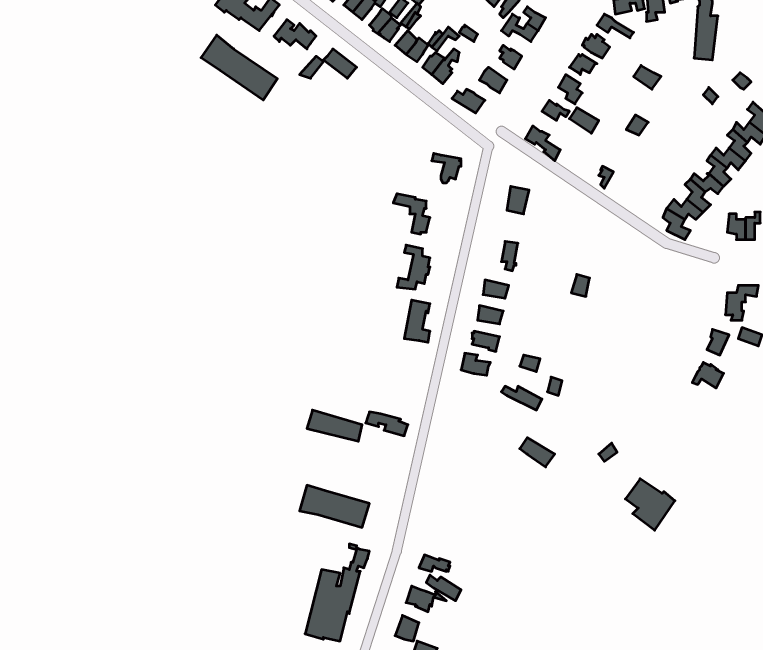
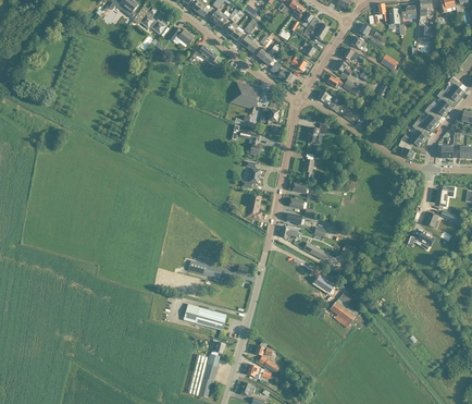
building: [201,35,277,100] -> none
building: none -> [231,82,261,113]
building: [625,479,675,530] -> [330,297,359,328]

